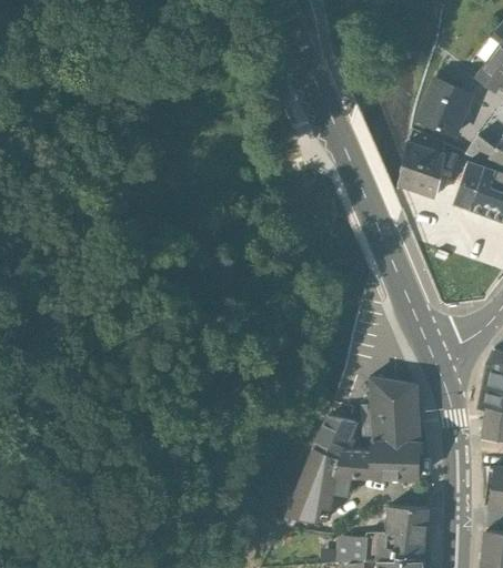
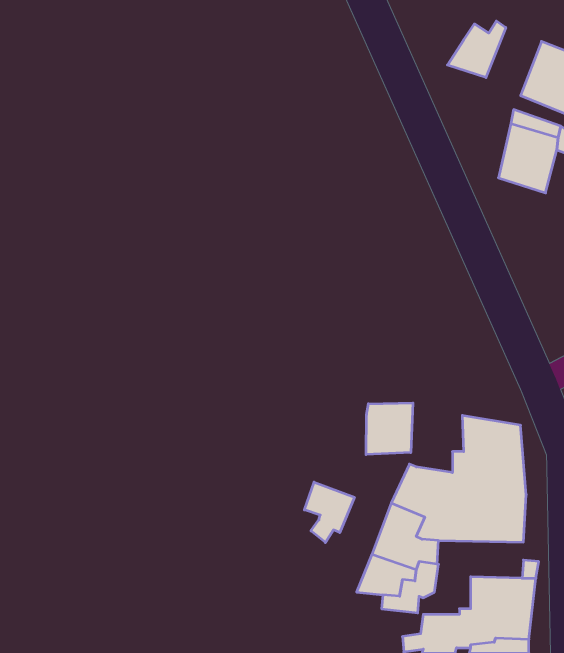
building: none -> [447,21,506,78]
building: none -> [366,403,413,455]
building: none -> [304,482,354,543]

